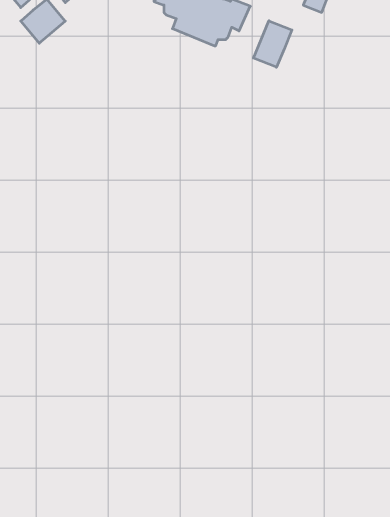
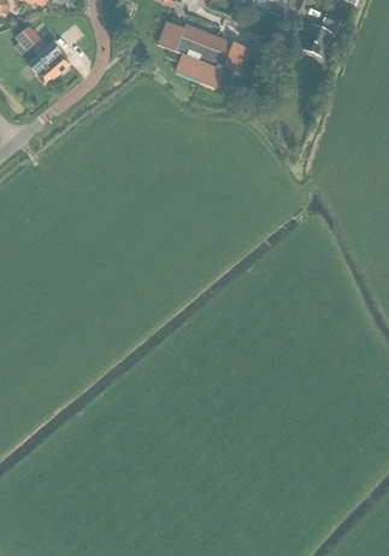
building: [253,21,292,67] -> none

